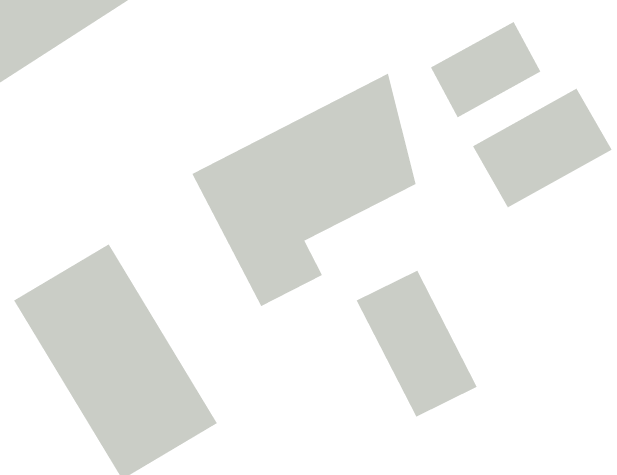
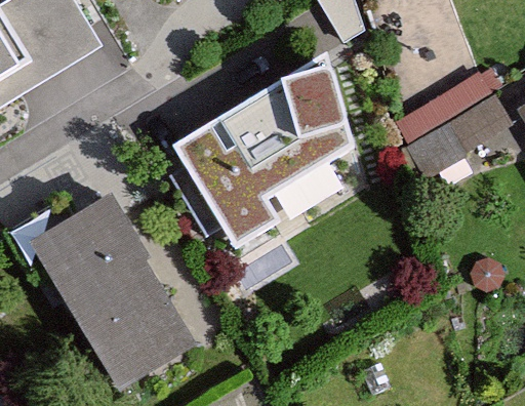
building: [430,21,541,118] -> none
building: [356,270,478,417] -> none

